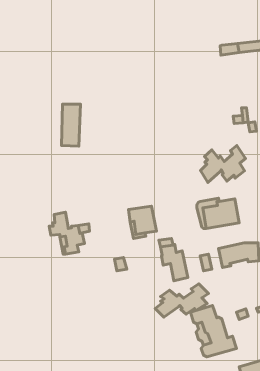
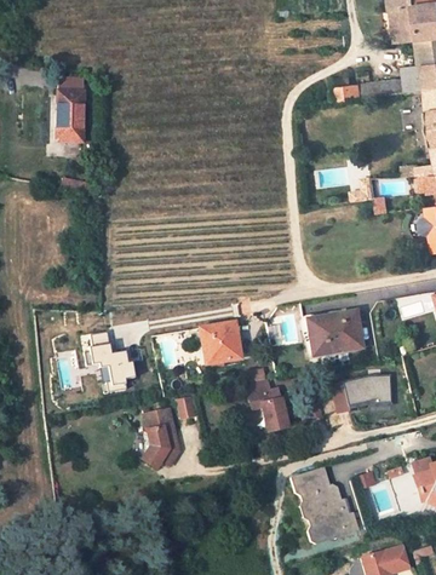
building: [62,104,81,146] -> [57,79,85,140]
building: [200,145,246,182] -> none
building: none -> [142,408,179,468]
building: [155,284,209,317] -> none

